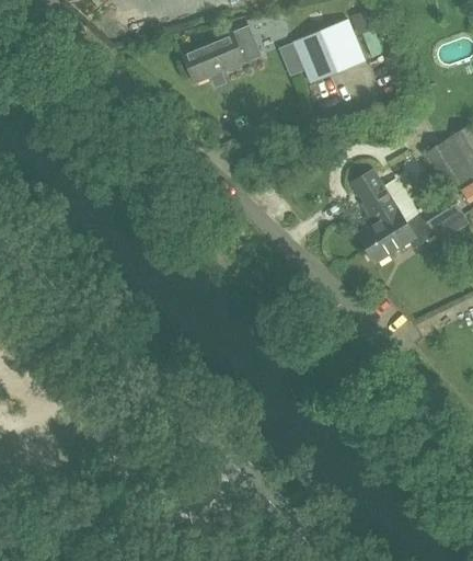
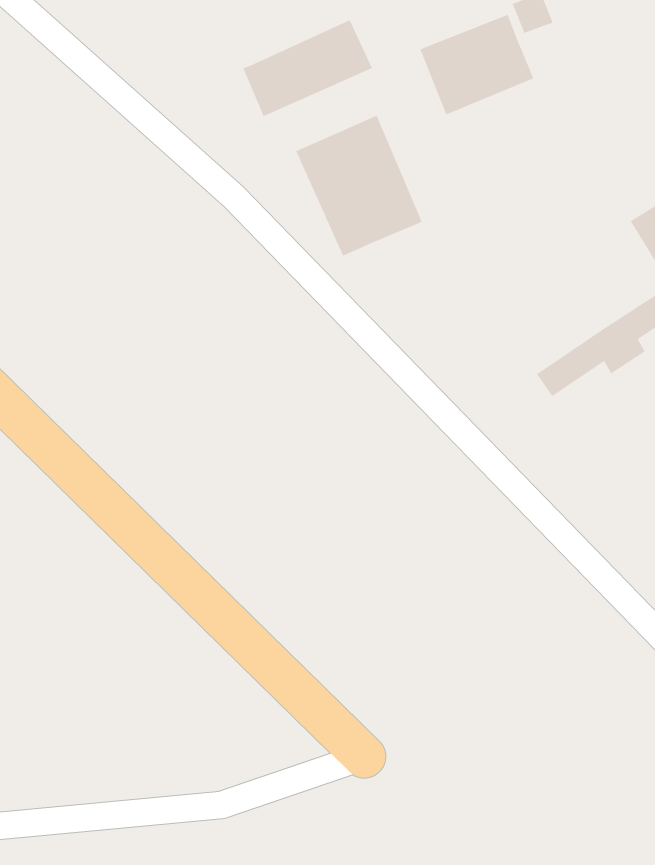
building: none -> [296,115,423,257]
building: [349,168,406,249] -> none

